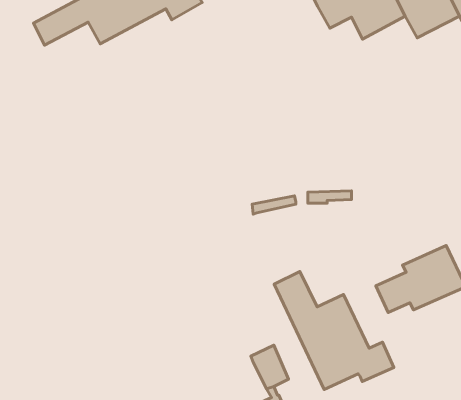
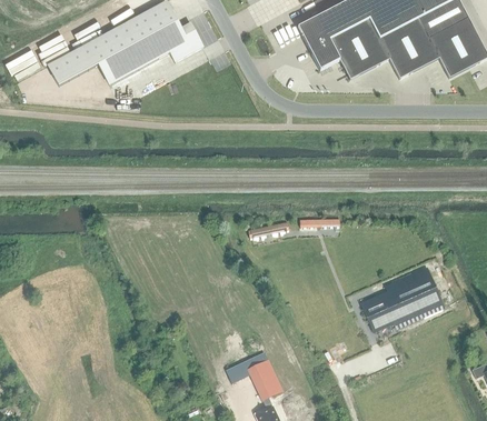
building: [274,271,394,390] -> none

